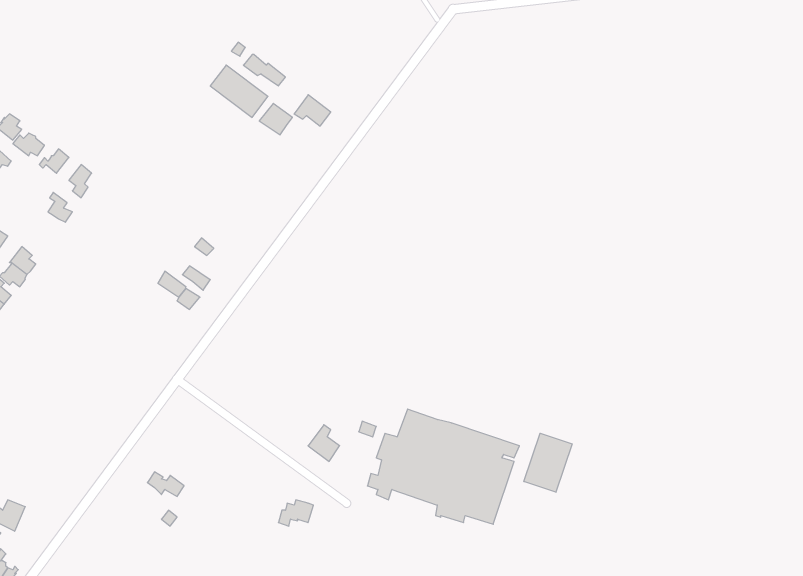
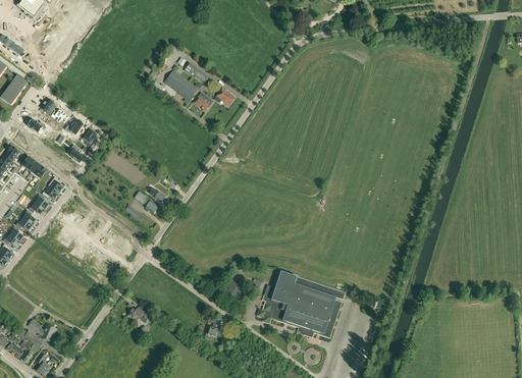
building: [524,433,572,492] -> none

